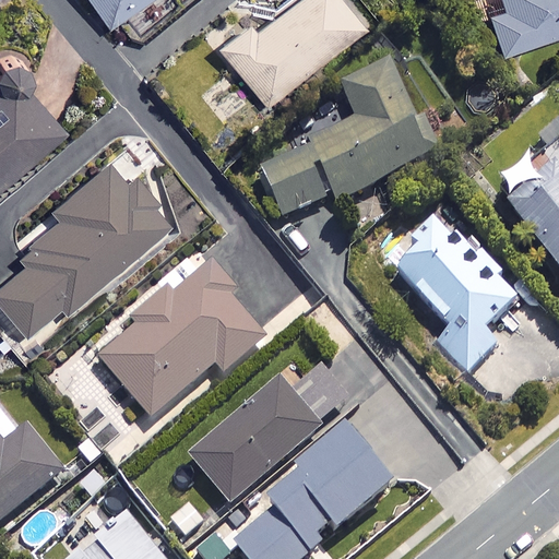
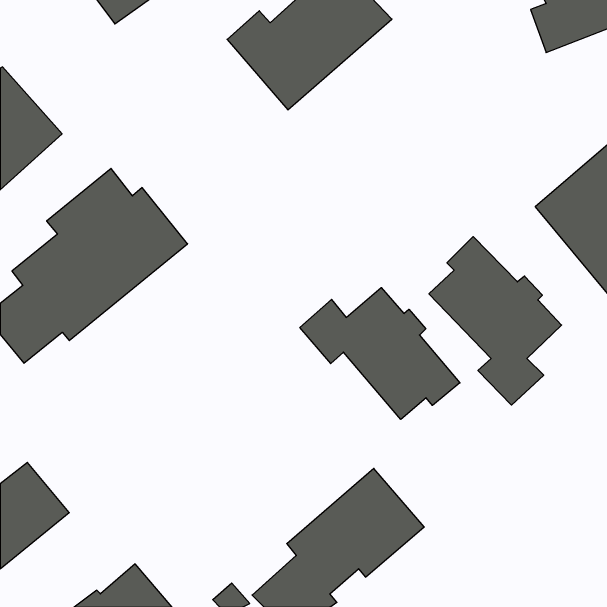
building: [257,63,437,216] -> none
building: [100,261,267,418] -> none
building: none -> [300,288,460,419]
building: [190,379,320,503] -> none

